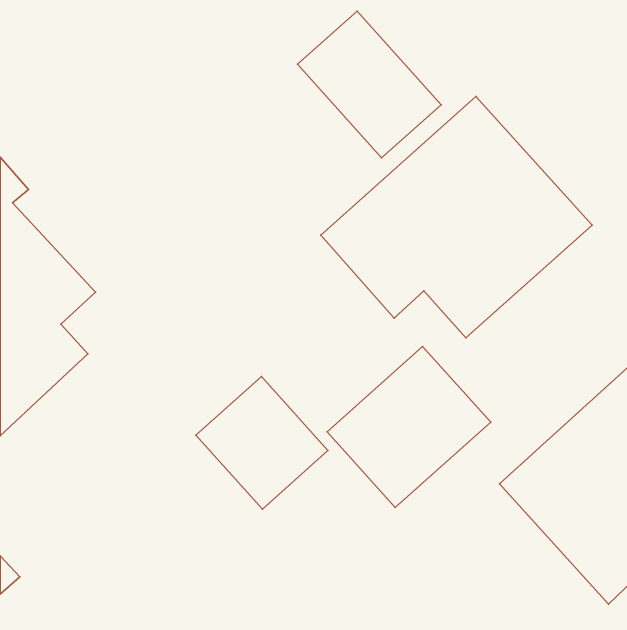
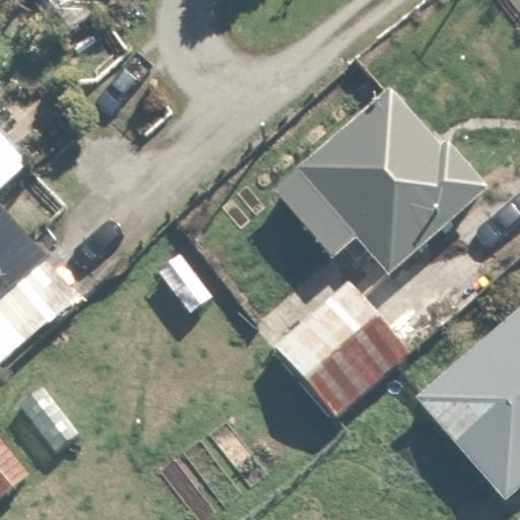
building: [297,11,441,158] -> none
building: [196,377,328,509] -> none

